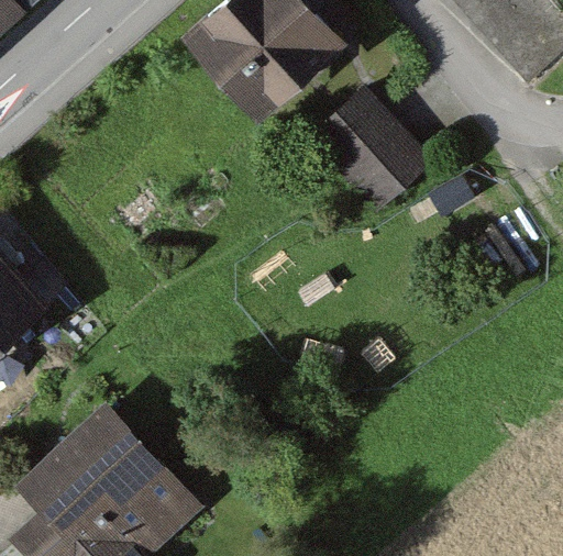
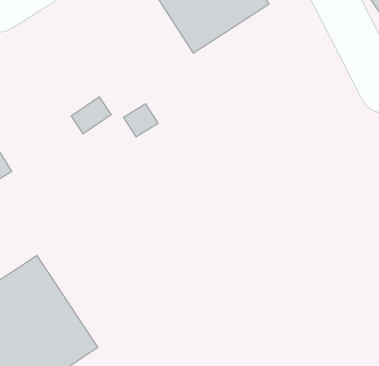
building: [313,88,437,213] -> none

